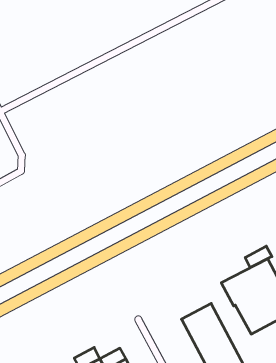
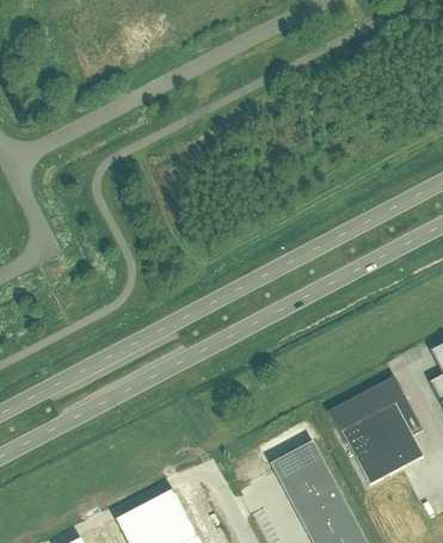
building: [245,246,272,267] -> none
building: none -> [144,488,181,520]

